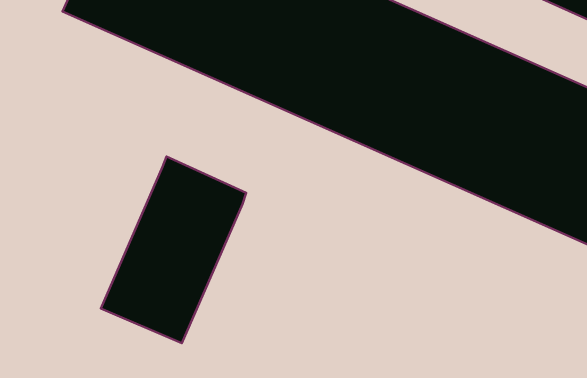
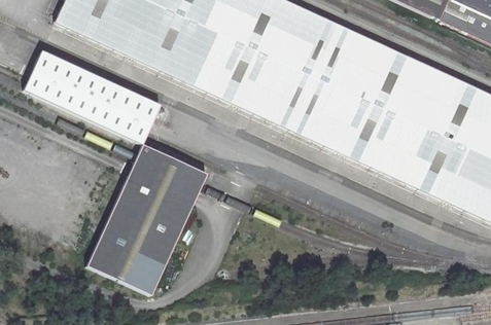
building: none -> [23,50,160,143]

